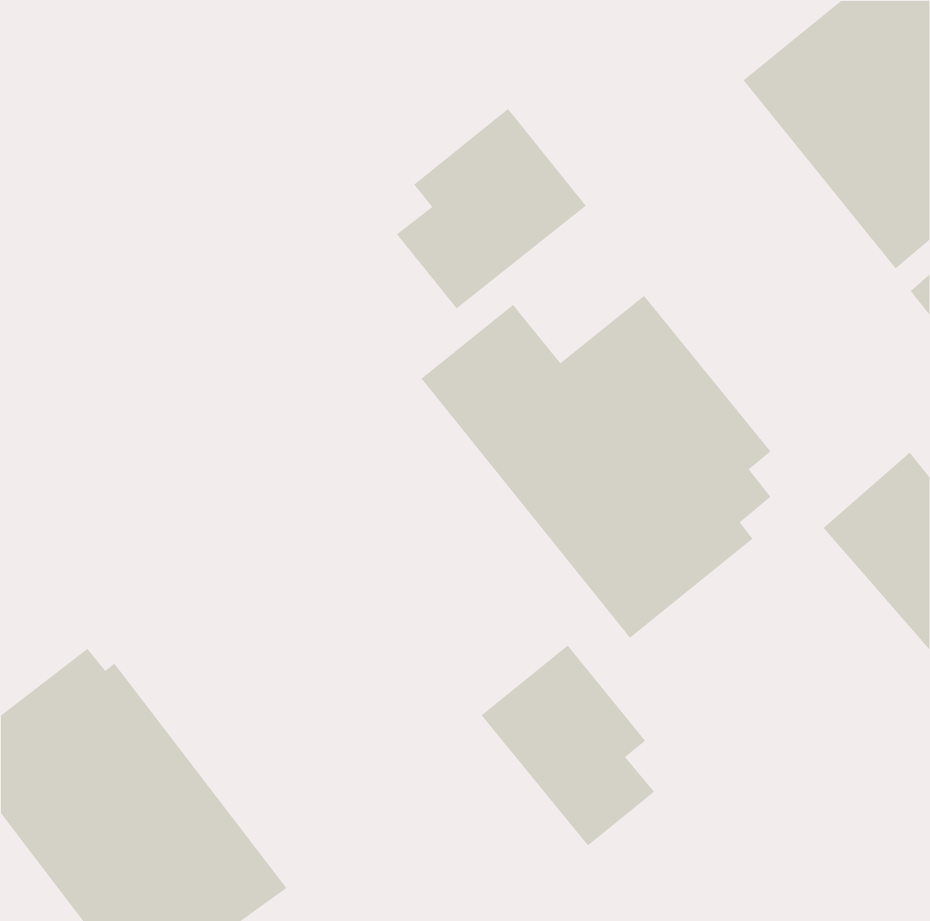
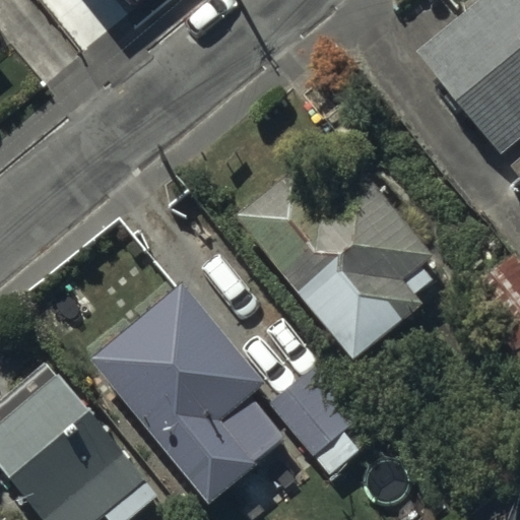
building: [396,108,587,309] -> none
building: none -> [92,283,285,505]

